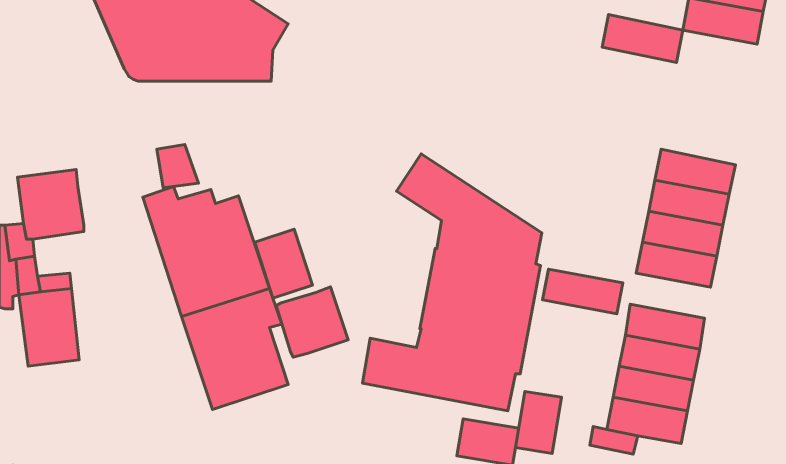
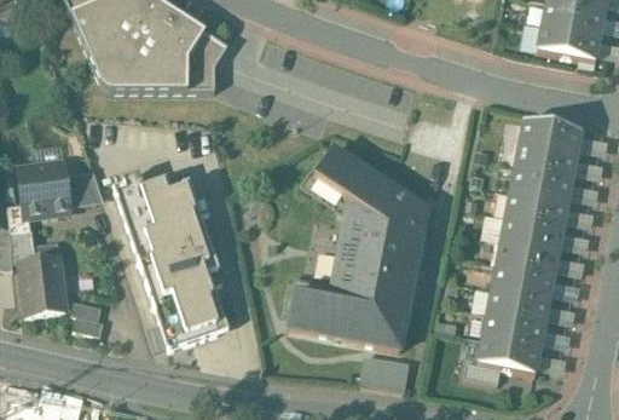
building: [602,15,683,63] -> [520,117,583,155]
building: [157,145,199,188] -> [64,168,97,202]
building: [255,229,312,298] -> none
building: [542,269,623,314] -> [496,240,559,275]
building: [276,287,348,357] -> none
building: none -> [71,297,103,332]
building: [515,391,562,453] -> none

